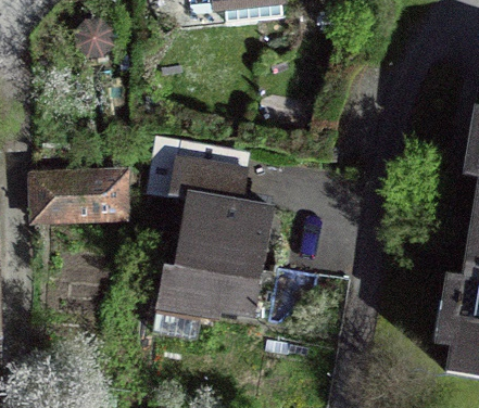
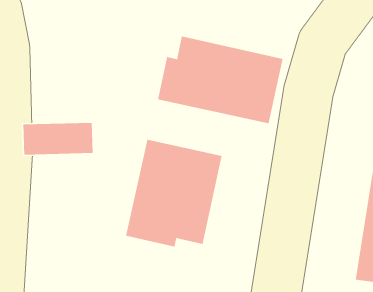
building: none -> [157,35,284,124]

